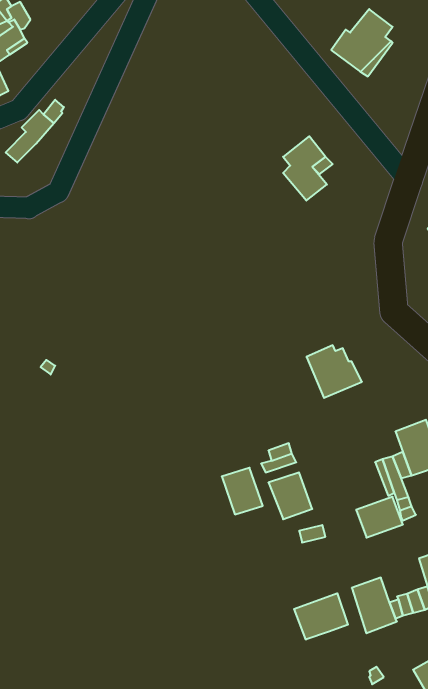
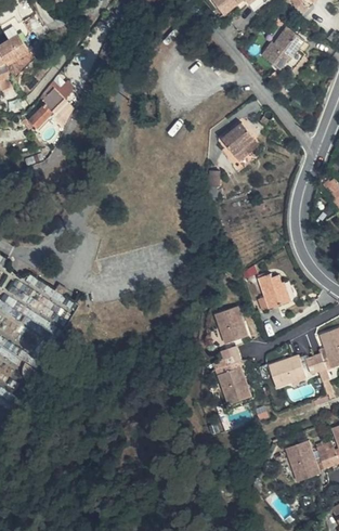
building: [222,468,263,514] -> [212,307,243,341]
building: [356,497,403,538] -> [263,355,298,386]
building: [294,593,348,640] -> none

